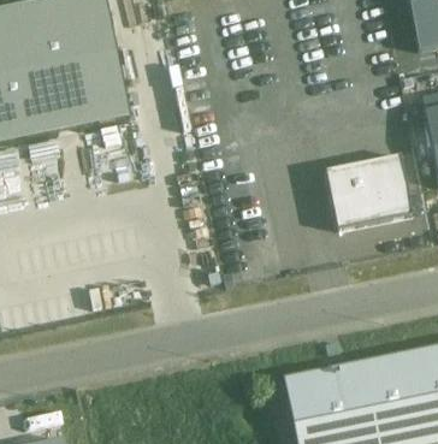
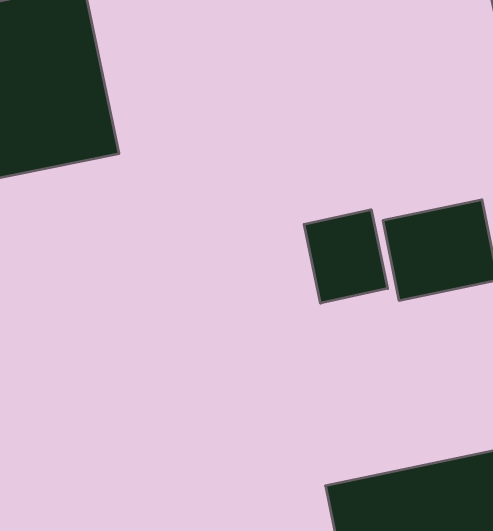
building: none -> [304,210,388,303]

